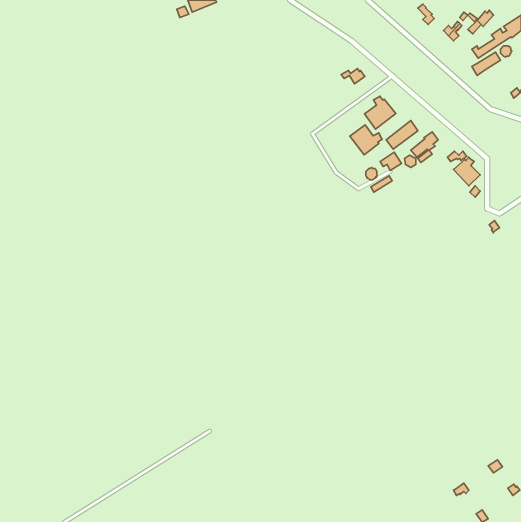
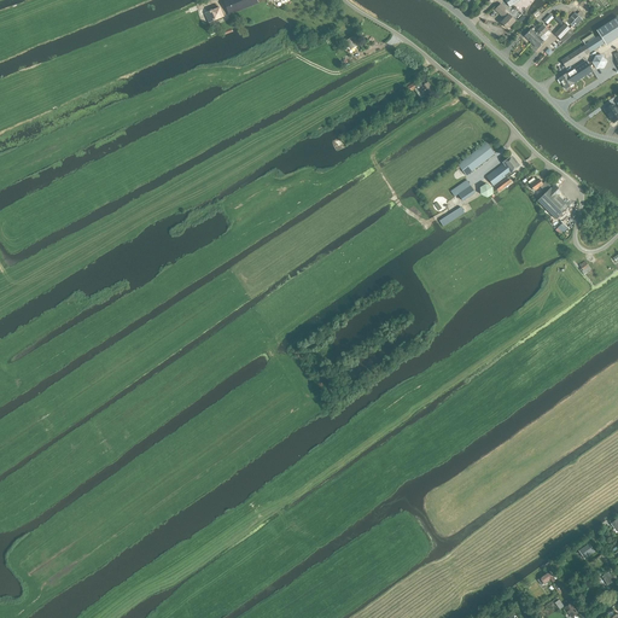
building: [364,96,396,129] -> none
building: [350,125,382,155] -> none

